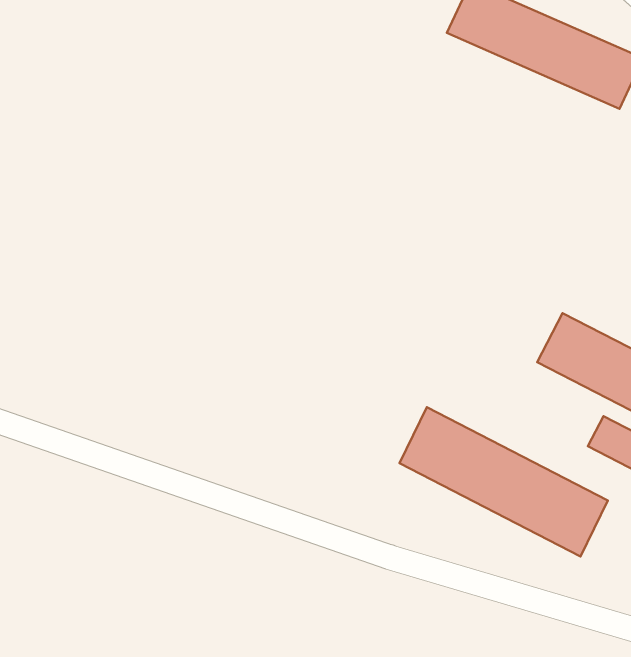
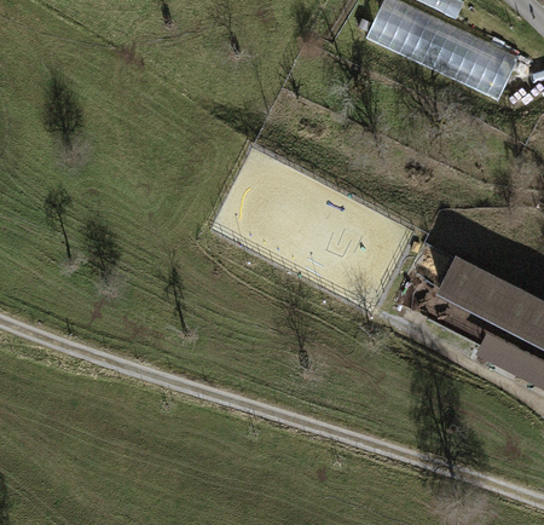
building: [400,407,608,557] -> none

